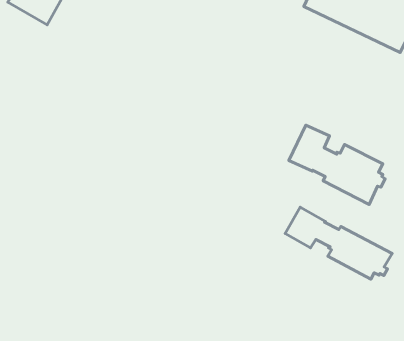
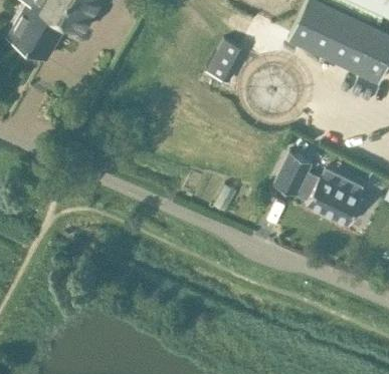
building: none -> [205,38,240,81]
building: [285,207,392,279] -> none

